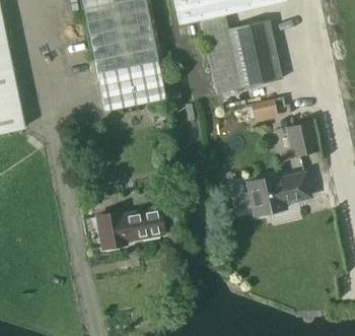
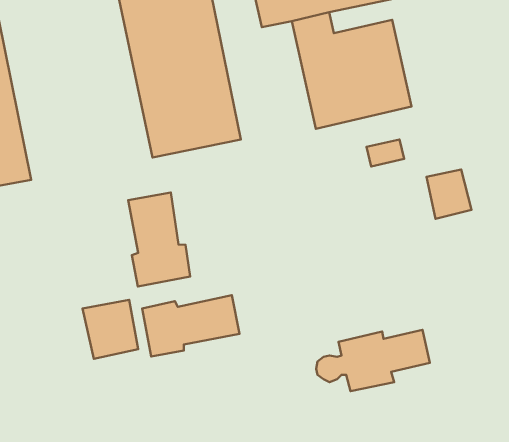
building: none -> [128,192,190,286]
building: [232,174,309,215] -> [316,330,430,391]
building: none -> [83,300,138,359]

